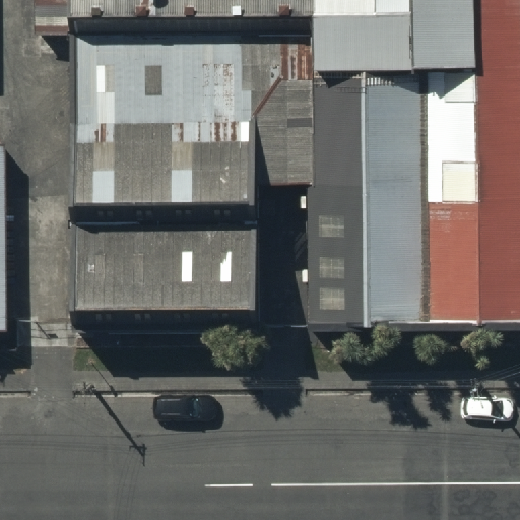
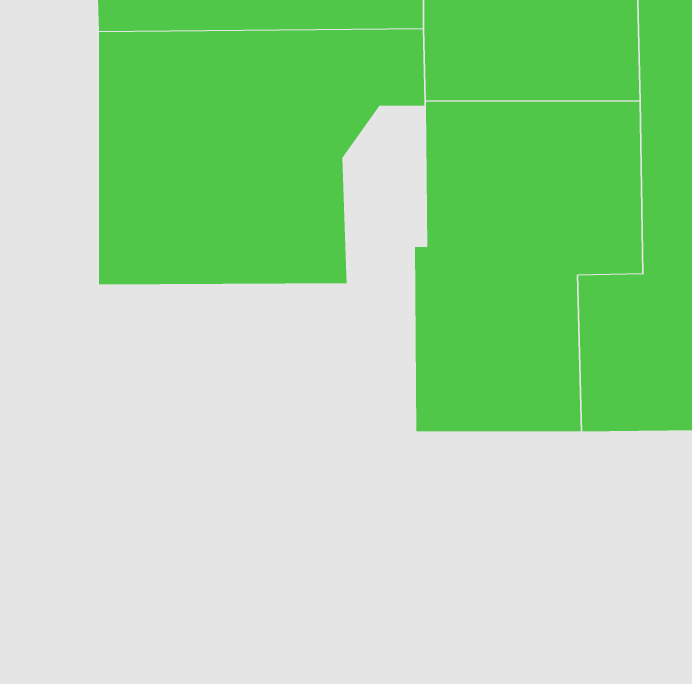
building: [259,79,321,184] -> none
building: [76,211,262,316] -> none

